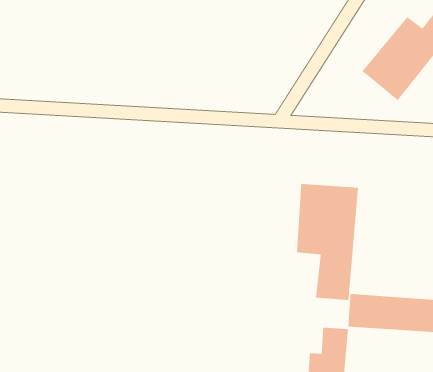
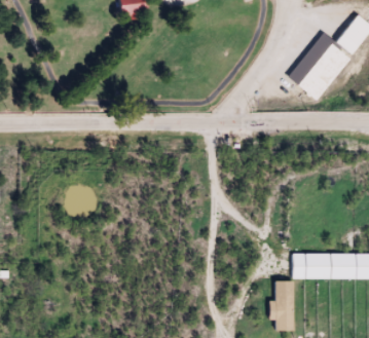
building: [296,183,359,301] -> none

